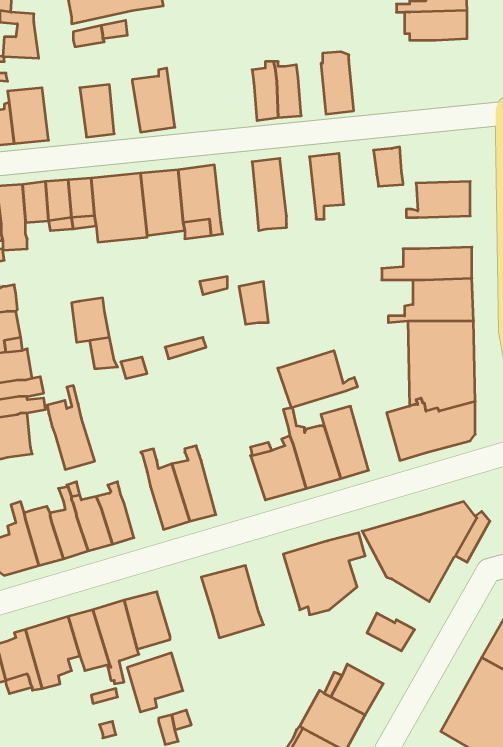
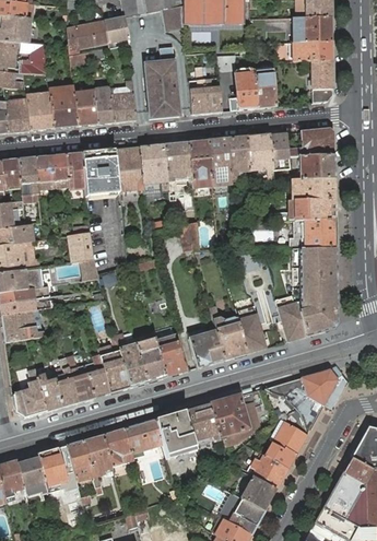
building: none -> [144,46,179,118]
building: none -> [310,60,332,103]
building: none -> [252,66,275,108]
building: none -> [47,81,78,128]
building: none -> [93,87,114,124]
building: none -> [287,128,333,156]
building: none -> [246,134,273,180]
building: none -> [207,139,231,184]
building: none -> [163,142,191,183]
building: none -> [287,178,334,200]
building: [278,351,357,408] -> none
building: [47,386,95,469] -> [97,337,129,392]
building: none -> [154,334,185,377]
building: none -> [184,403,220,442]
building: none -> [269,422,306,454]
building: none -> [249,451,287,490]
building: [127,653,183,712] -> [125,419,162,458]

